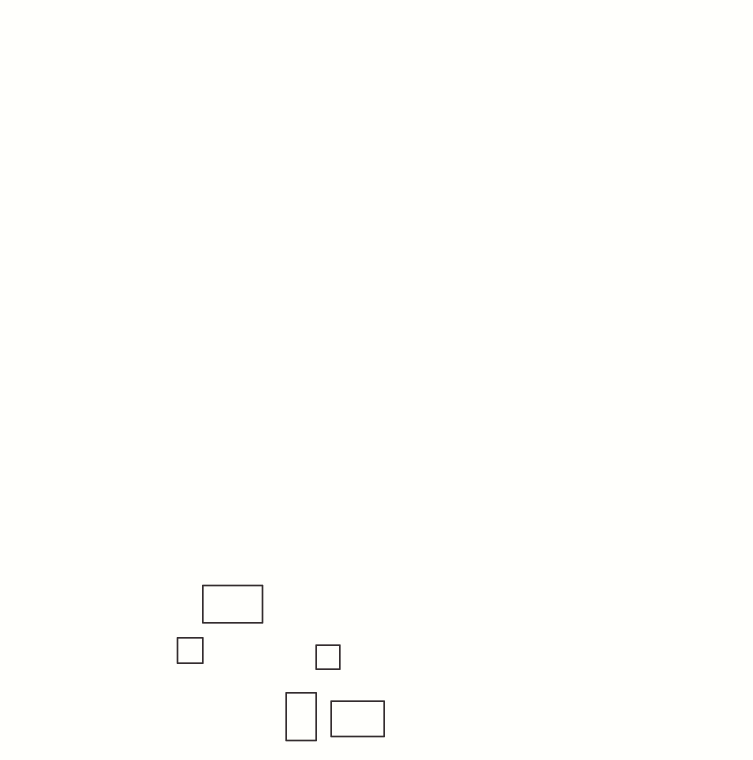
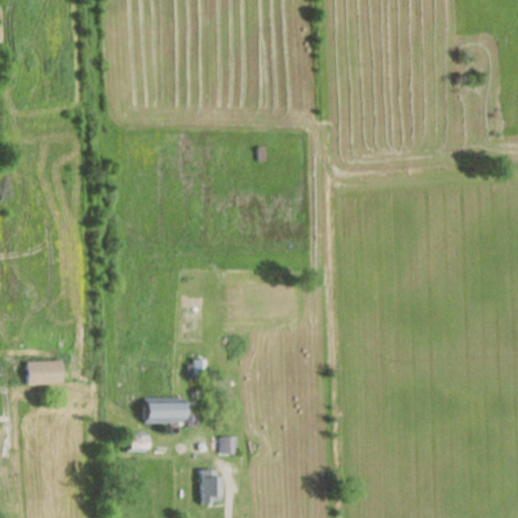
building: none -> [26,361,63,384]
building: [331,701,384,737] -> none

